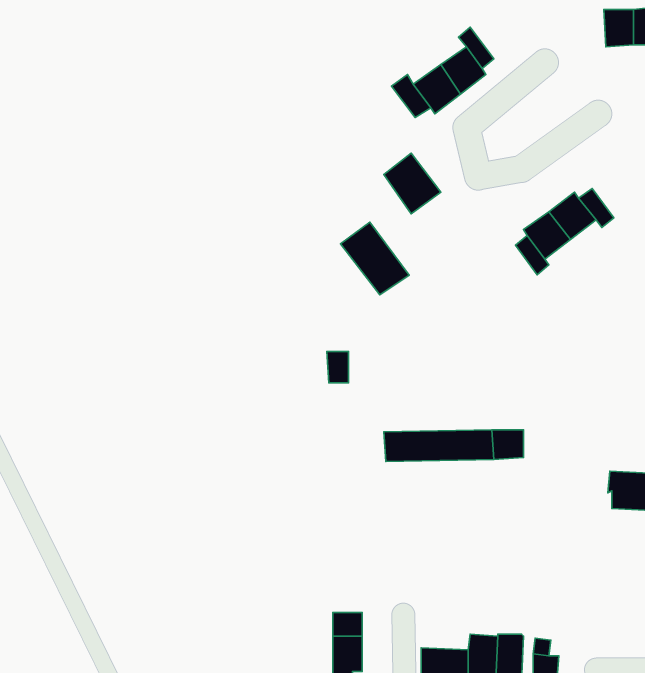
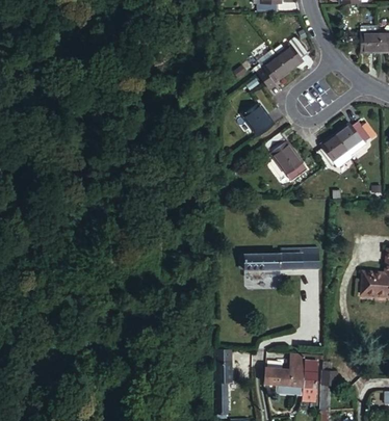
building: [340,222,409,295] -> [265,136,302,175]

